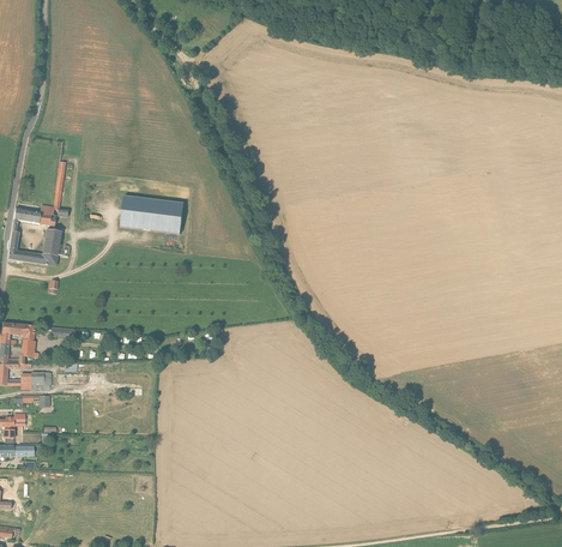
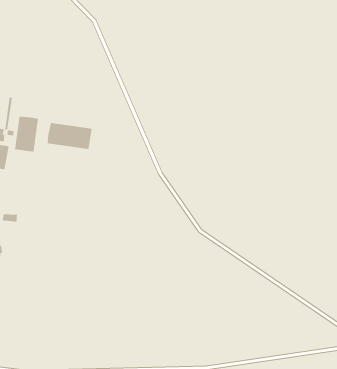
building: none -> [14,116,39,152]

